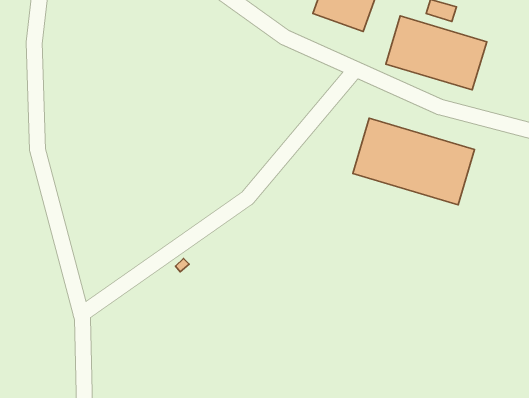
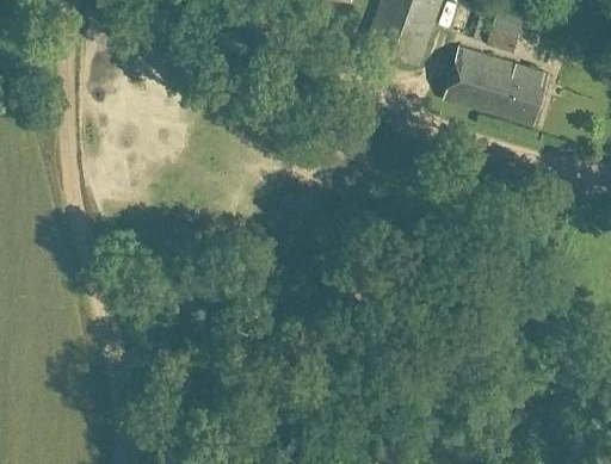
building: [353,118,474,205] -> none

